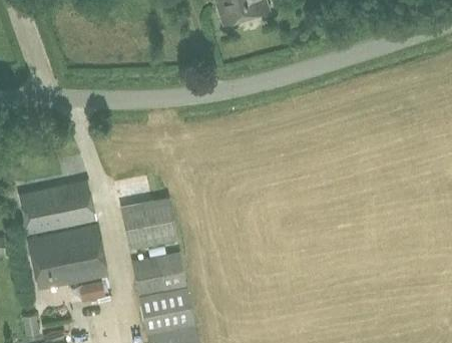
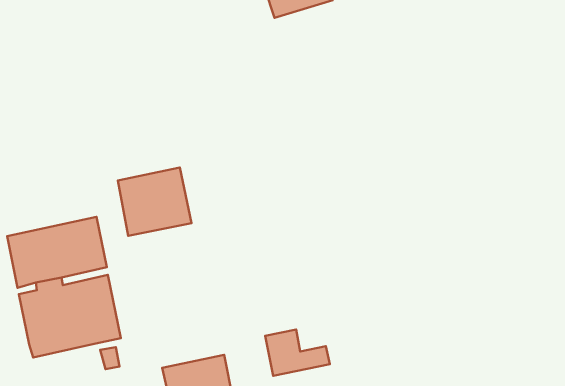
building: [120,196,177,249] -> [118,168,191,236]
building: [130,252,180,288] -> [265,329,330,376]

